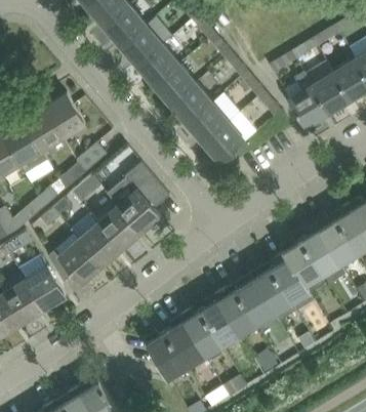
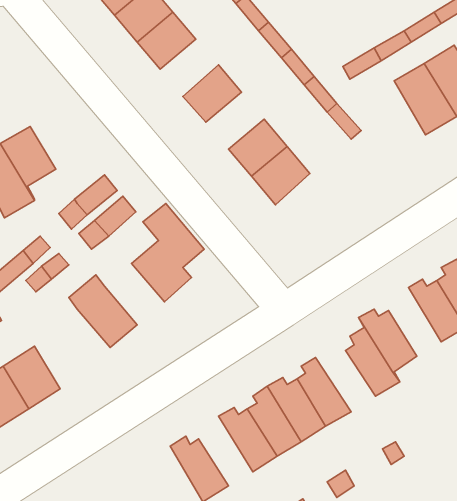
building: [137,47,179,88] -> none
building: [289,74,328,129] -> none
building: [170,85,212,126] -> none
building: [44,95,85,140] -> none
building: [97,208,140,252] -> none
building: [301,225,339,275] -> none
building: [48,241,101,285] -> none
building: [249,269,292,315] -> none
building: [165,318,204,368] -> none

